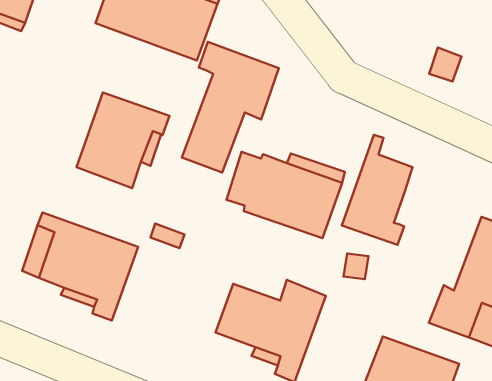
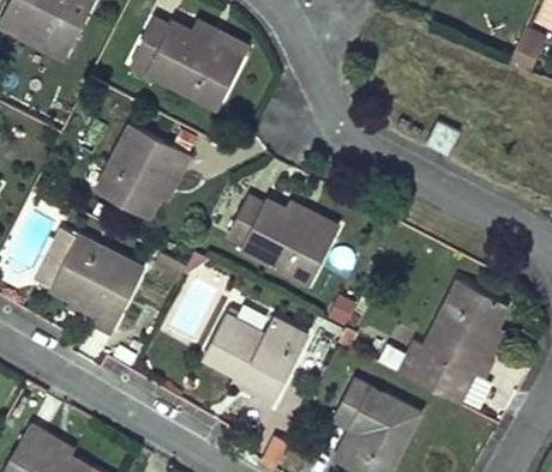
building: [182,42,279,172] -> none
building: [342,135,413,245] -> none

